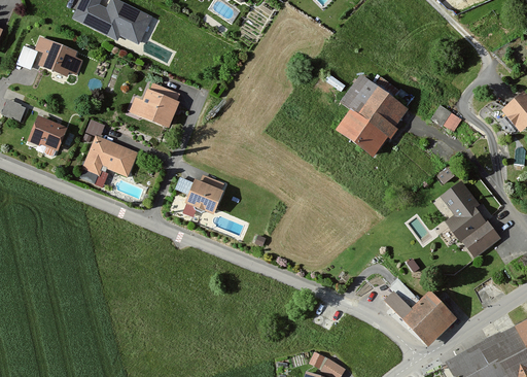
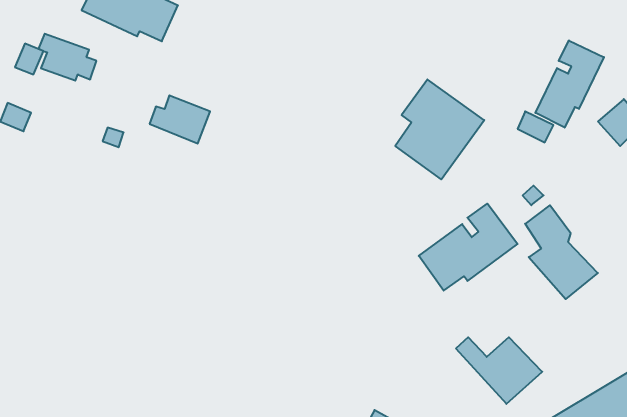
building: none -> [535,40,604,128]
building: [27,114,67,152] -> none
building: [81,135,139,176] -> none
building: none -> [419,204,518,291]
building: [182,179,220,215] -> none

